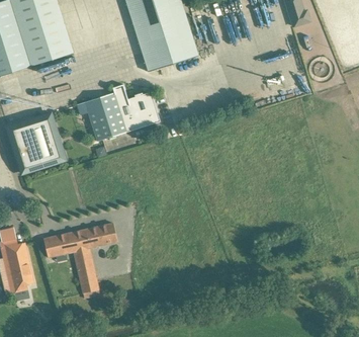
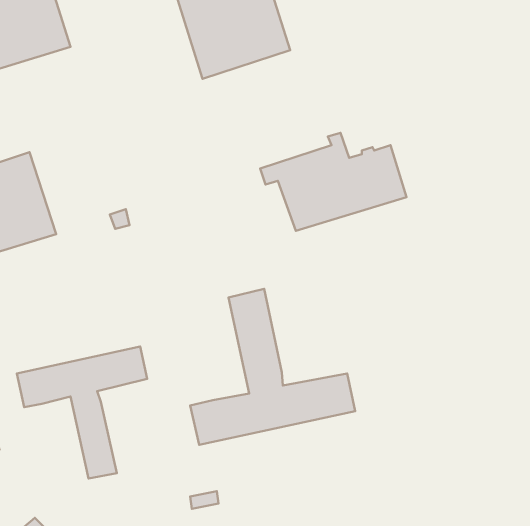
building: [78,85,161,141] -> [260,133,406,231]
building: none -> [190,289,355,445]

